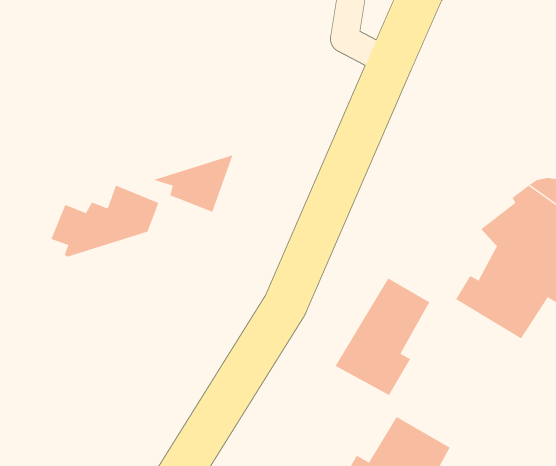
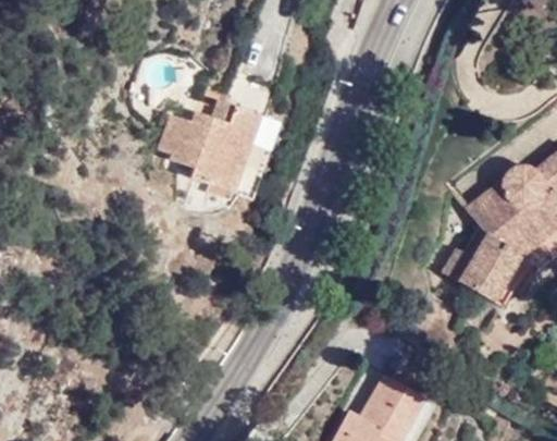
building: [51,185,159,257] -> [154,99,252,164]
building: [335,277,430,396] -> none

